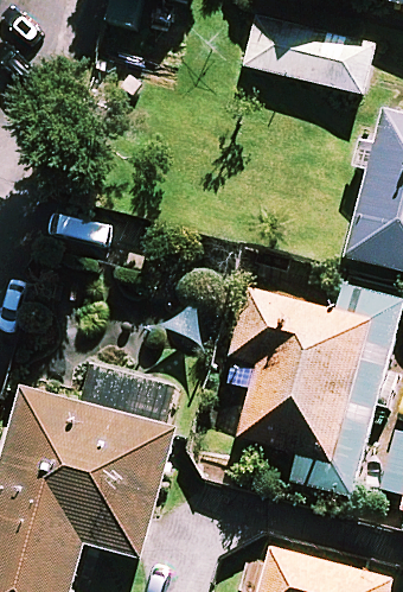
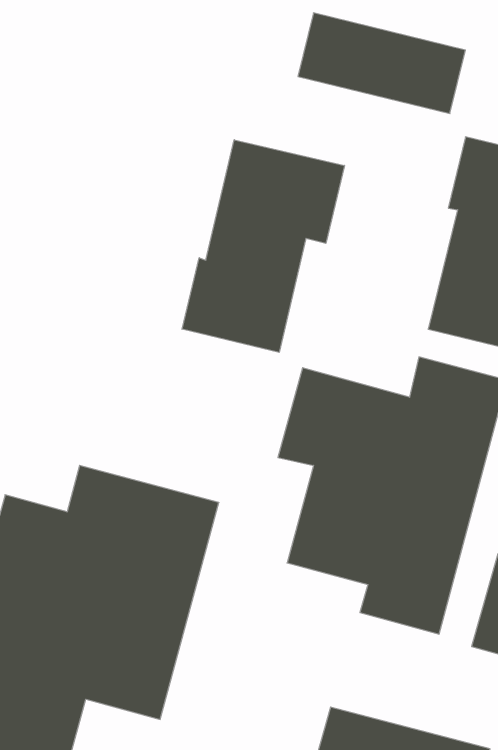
building: none -> [182,140,344,352]

